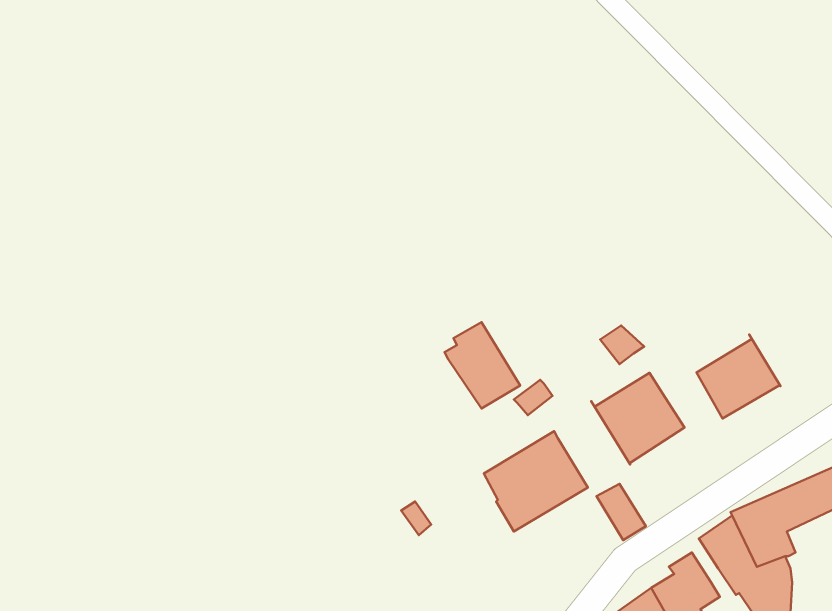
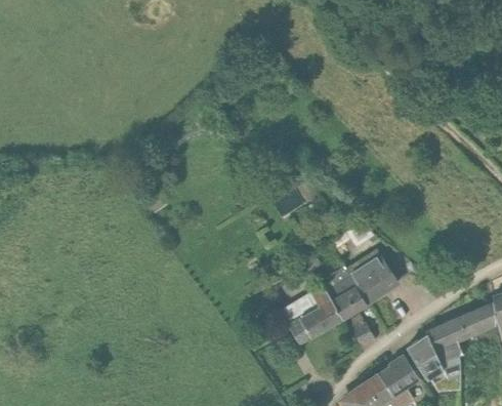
building: [445,322,520,409] -> [323,268,367,318]
building: [696,335,780,419] -> none

